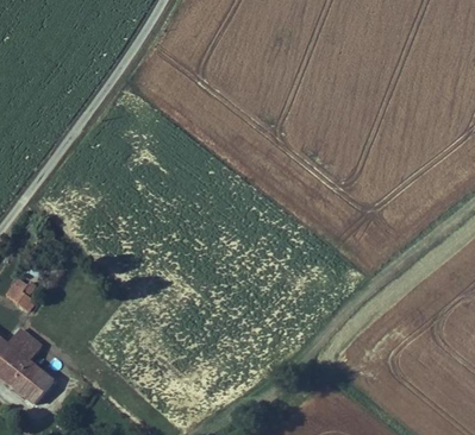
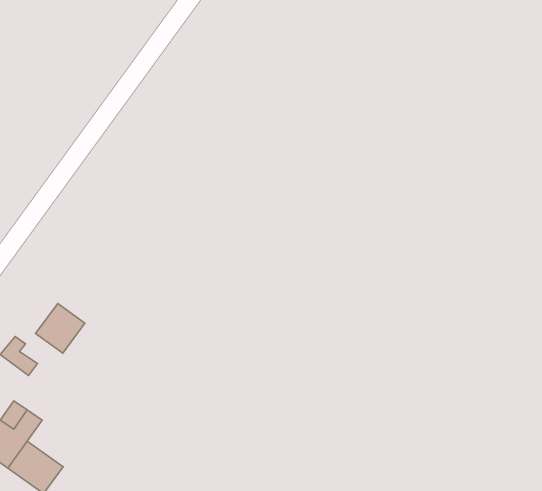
building: none -> [36,303,85,353]

